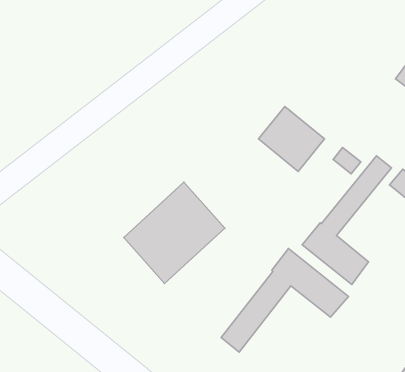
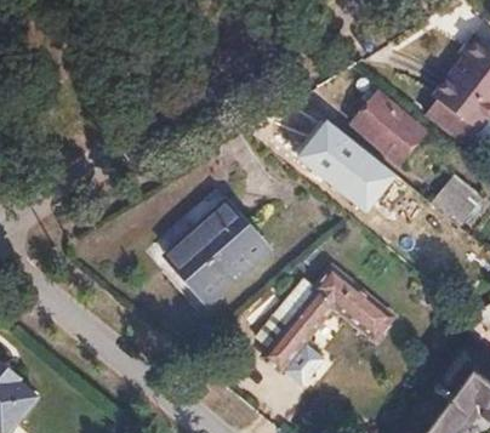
building: none -> [357,97,422,160]
building: [302,156,391,284] -> none

